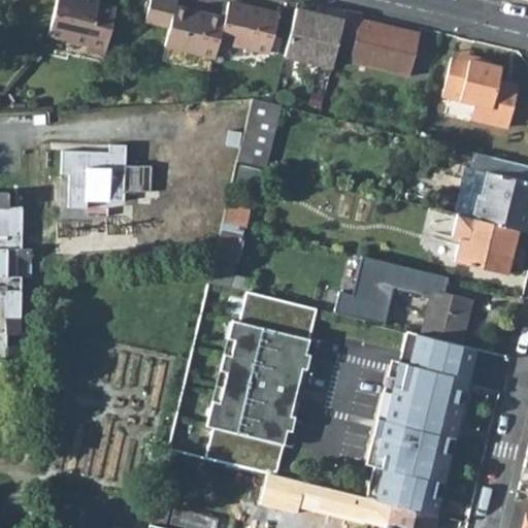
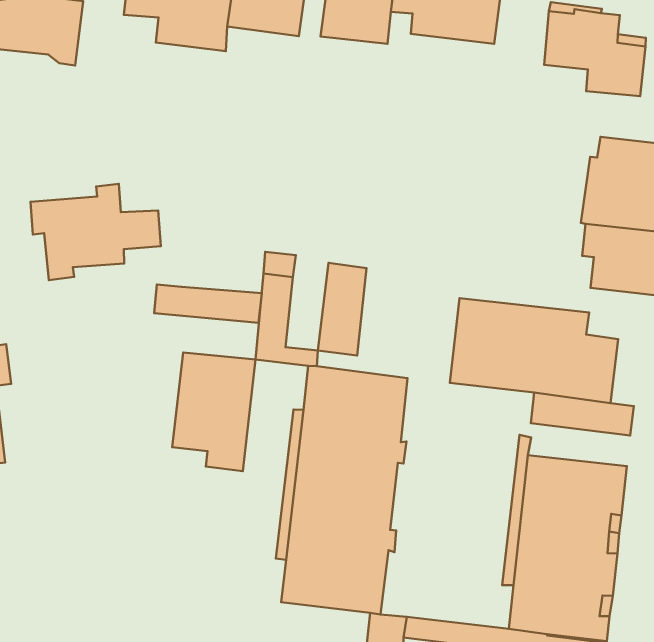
building: [237,98,279,167] -> [318,263,366,356]
building: none -> [154,285,262,323]
building: none -> [172,353,256,471]
building: [396,352,471,391] -> none

